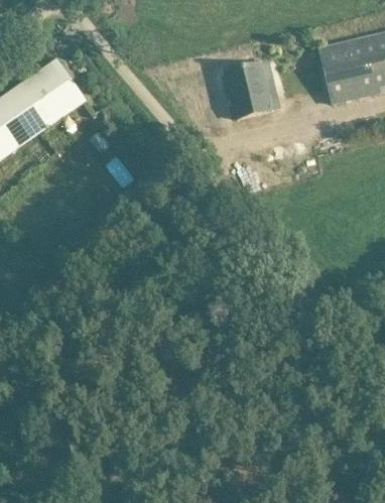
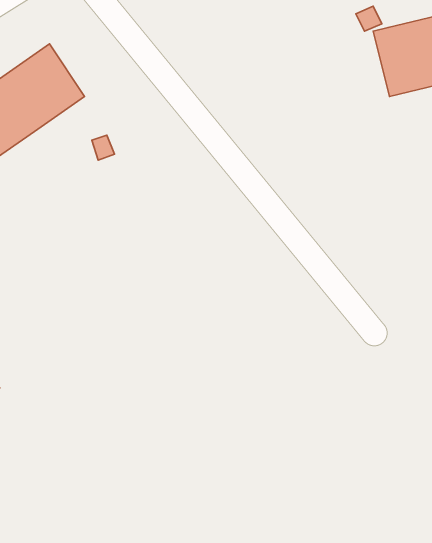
building: [226,61,272,119] -> none

